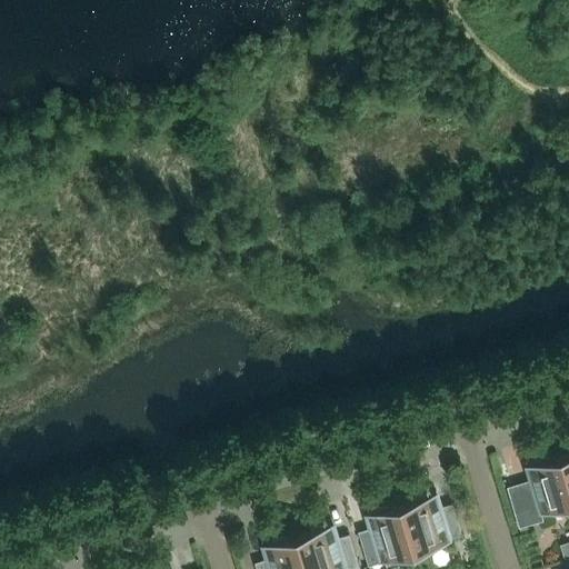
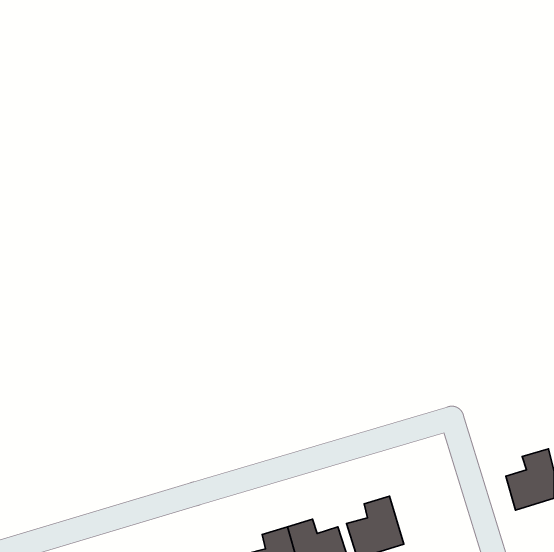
building: [395,503,457,560] -> none

